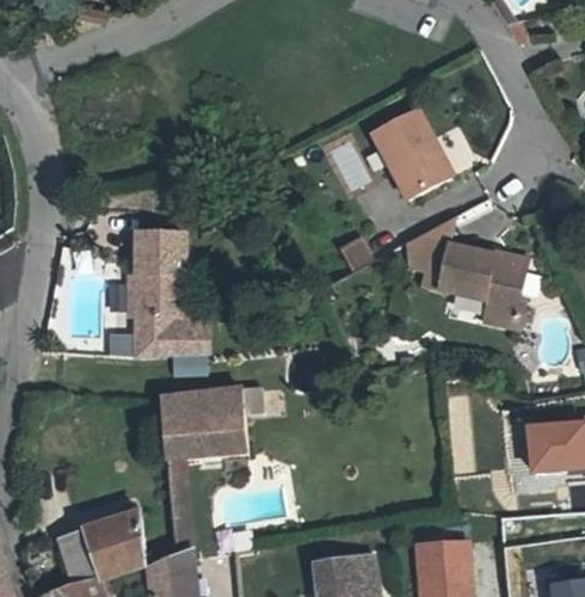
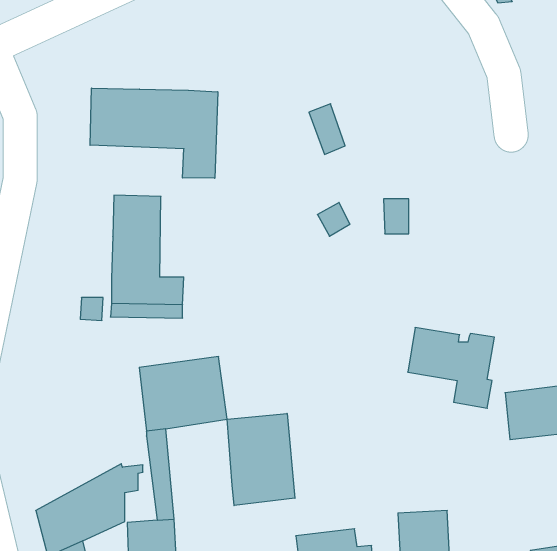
building: [369,109,448,198] -> none
building: none -> [90,88,218,178]
building: [437,246,523,326] -> [408,328,494,408]
building: none -> [227,413,295,506]

